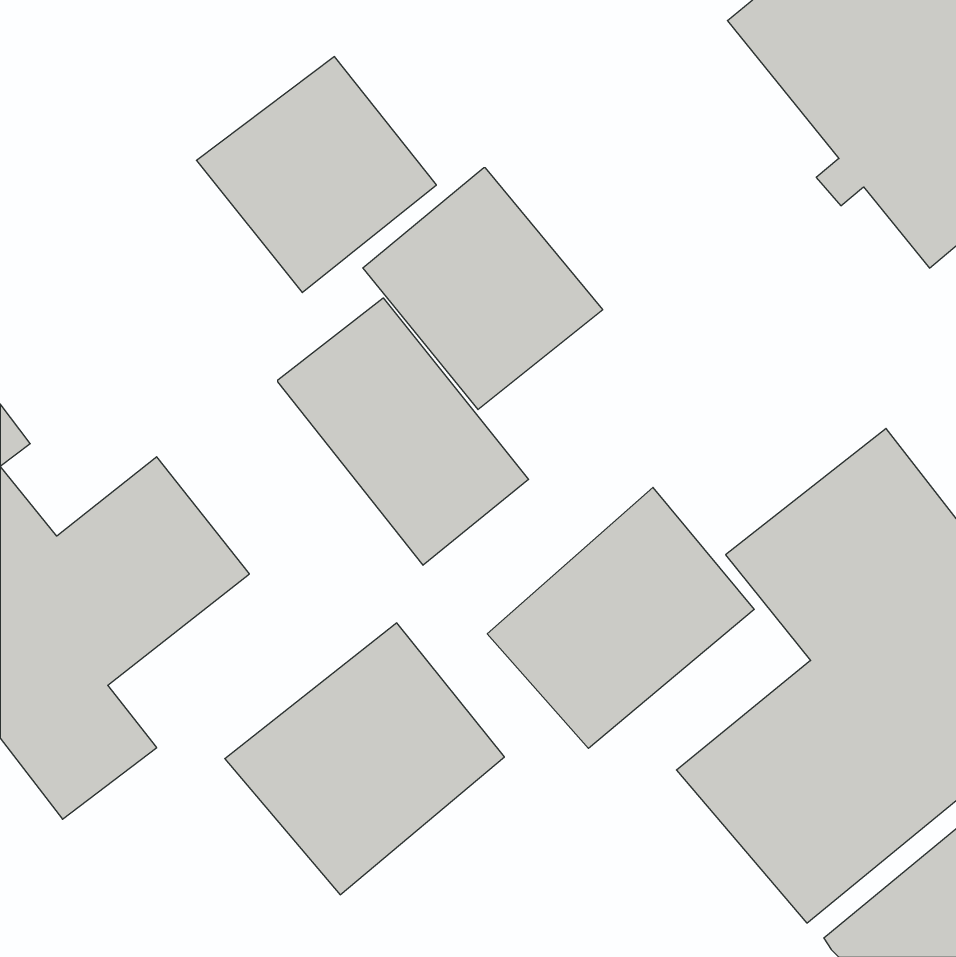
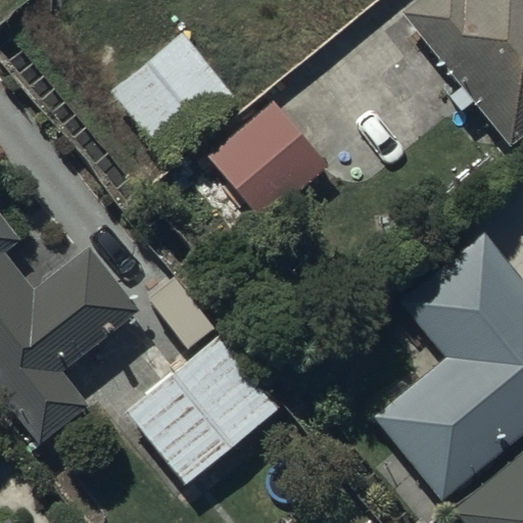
building: [278,298,529,565] -> none
building: [487,487,754,748] -> none

